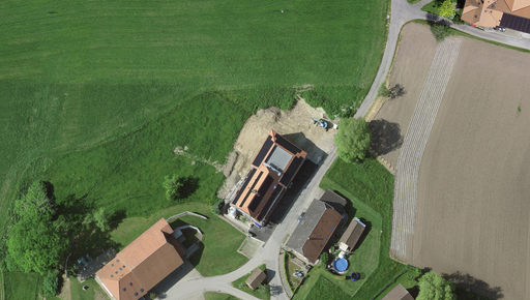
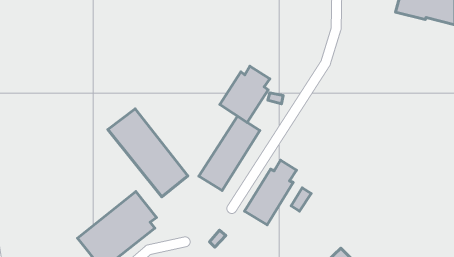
building: none -> [220,66,270,122]
building: none -> [108,109,188,197]

